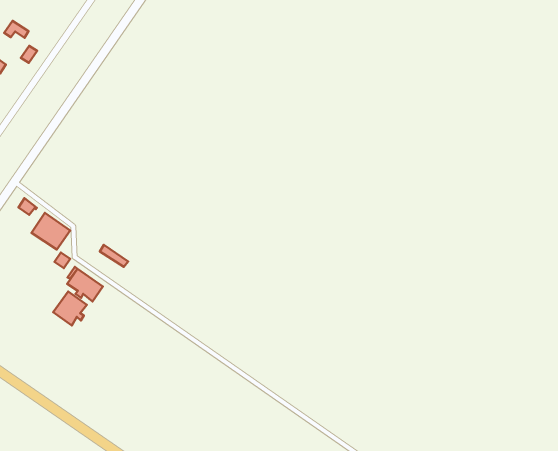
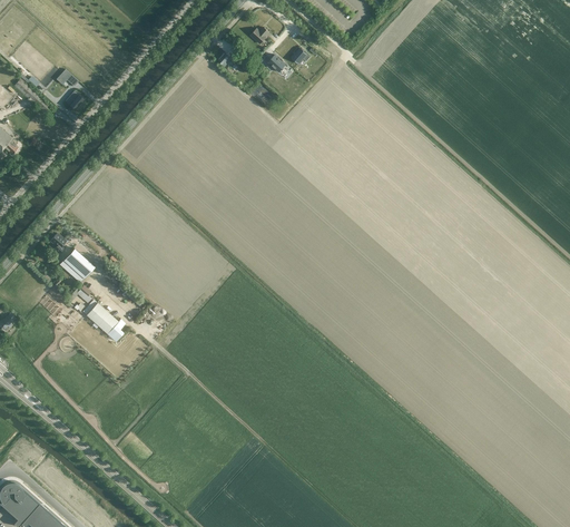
building: [53,292,87,325] -> none

